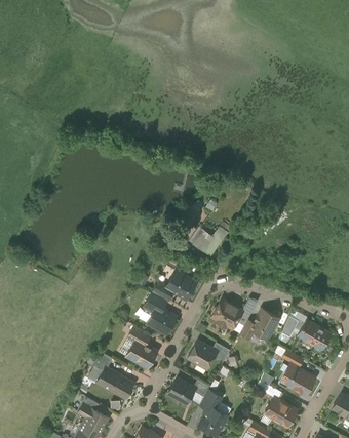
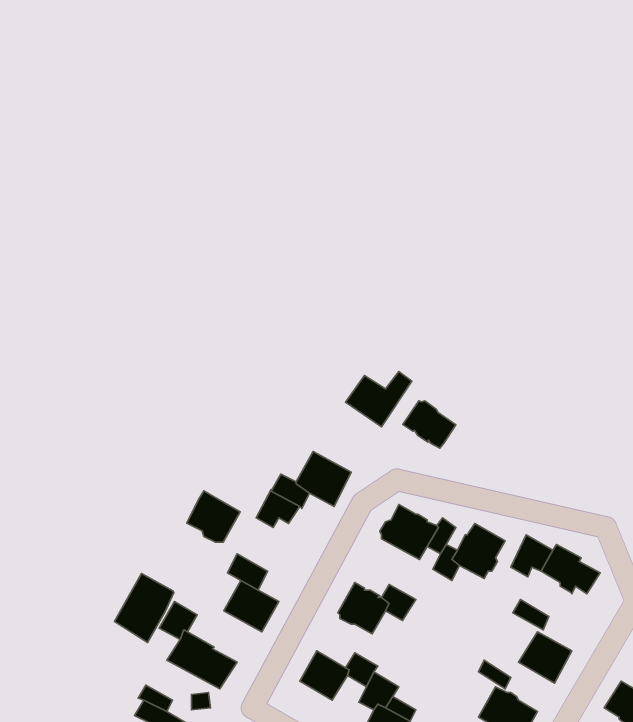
building: none -> [403,401,456,448]
building: [147,306,176,333] -> [187,491,240,542]
building: none -> [114,574,174,642]

